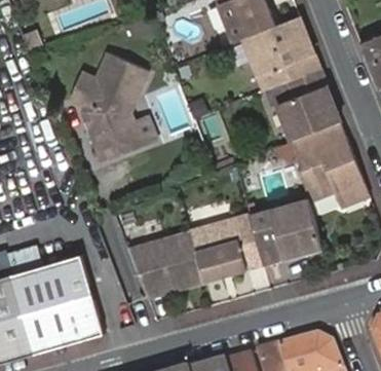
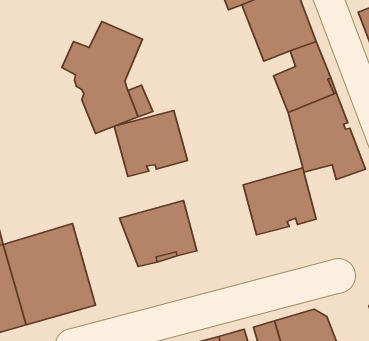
building: [189,213,261,277] -> [114,110,187,176]

